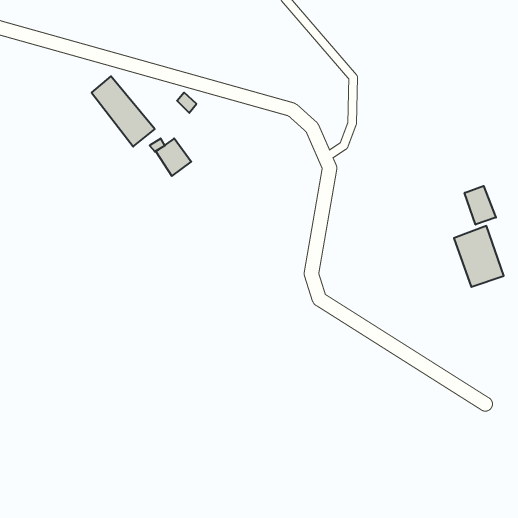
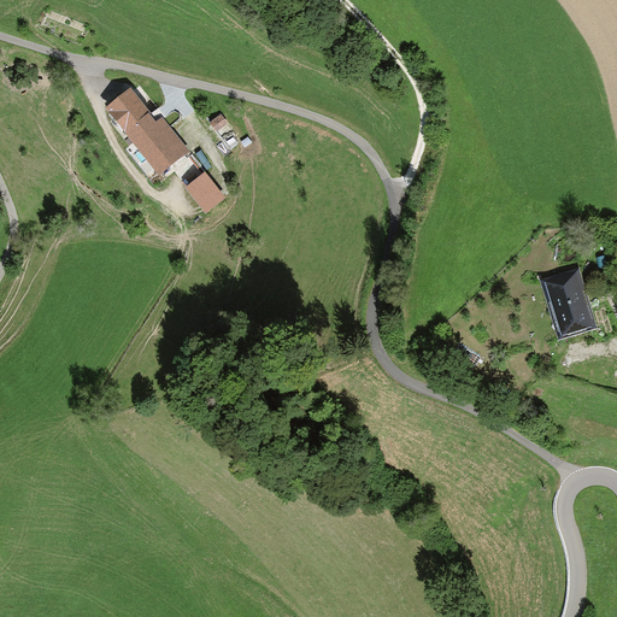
building: [465,186,496,225] -> none

